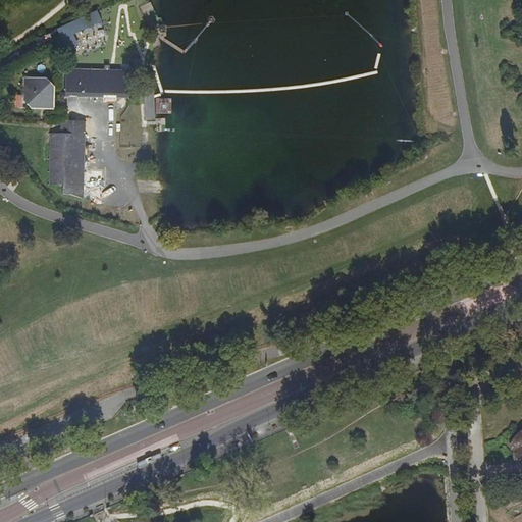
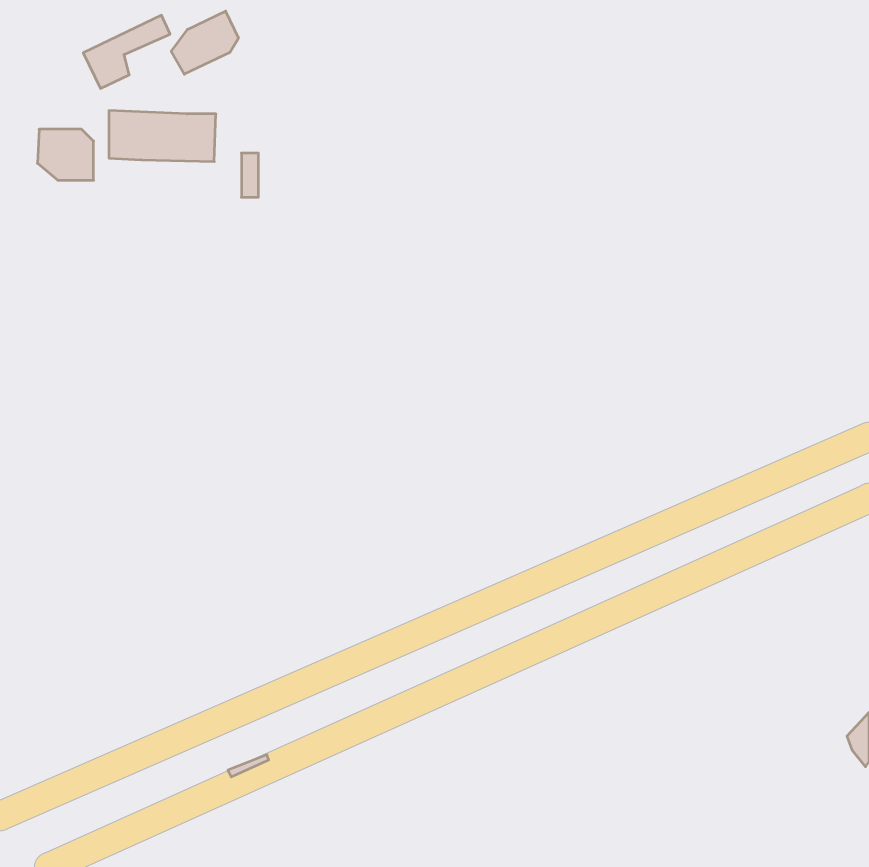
building: none -> [171,11,238,74]
building: [49,119,86,194] -> none

